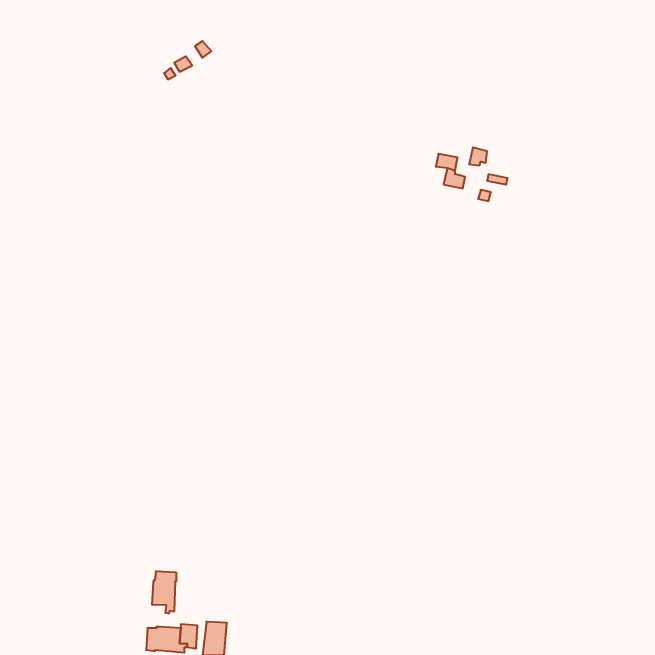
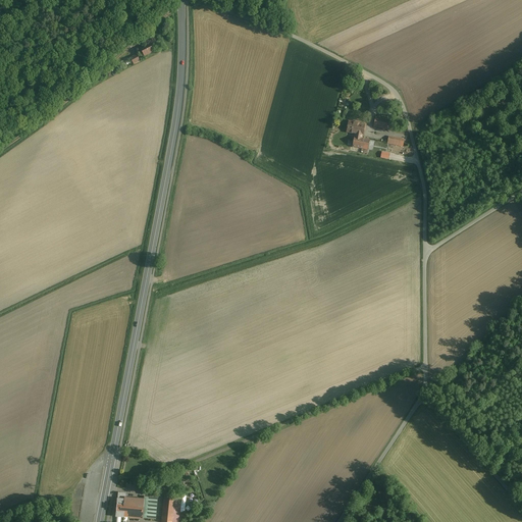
building: [152,571,176,614] -> none

